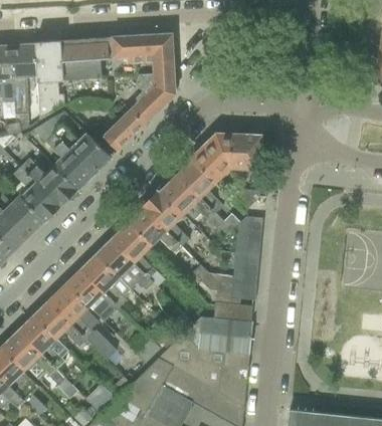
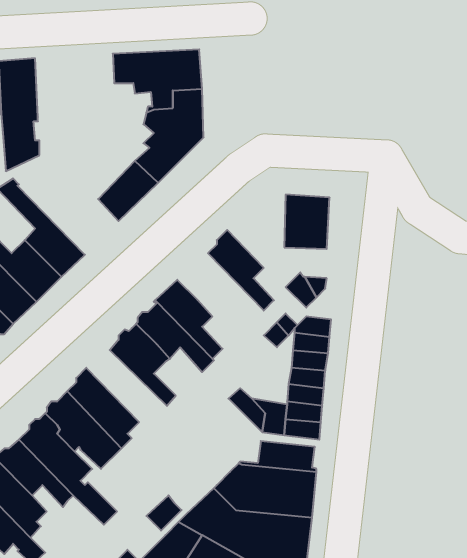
building: [60,37,115,80] -> none
building: [45,118,113,175] -> none
building: [192,134,232,184] -> none
building: [158,174,217,221] -> none
building: [96,240,155,290] -> none

